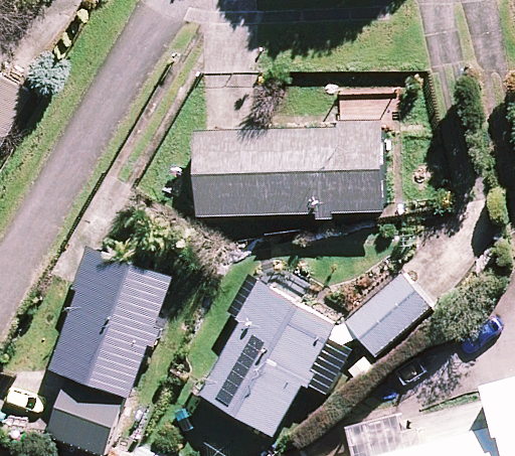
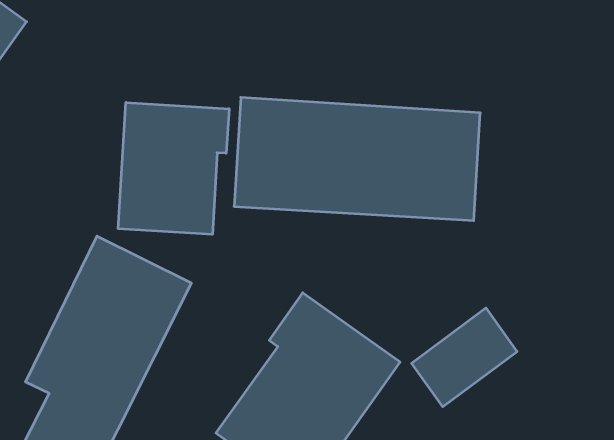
building: none -> [118,102,229,234]

